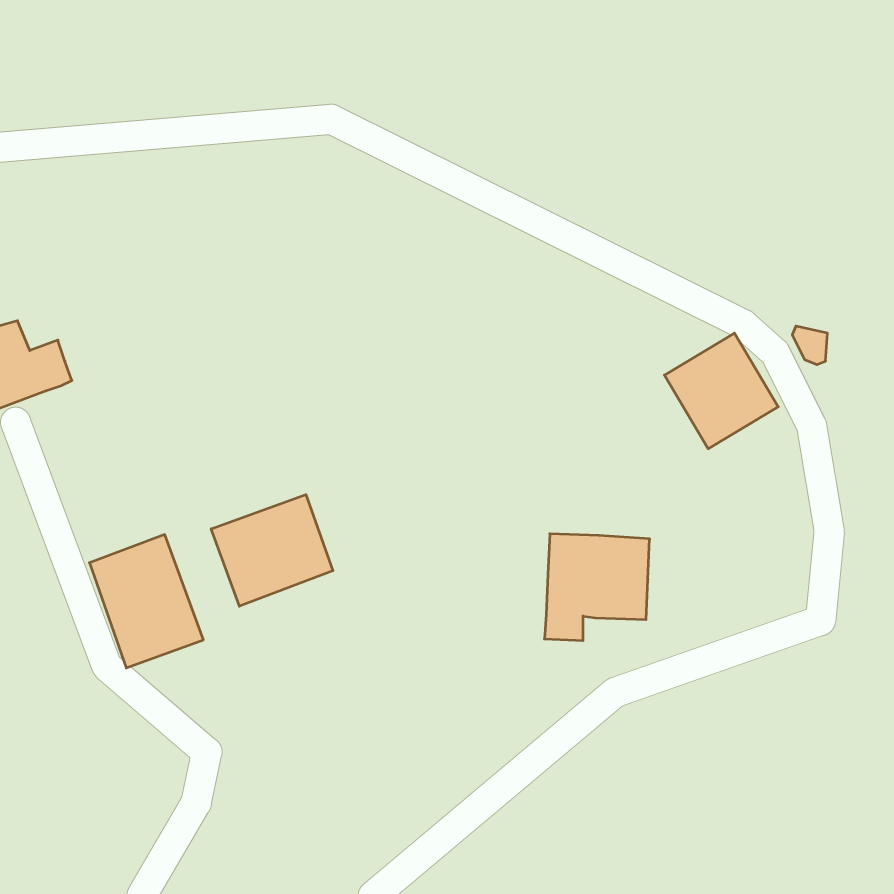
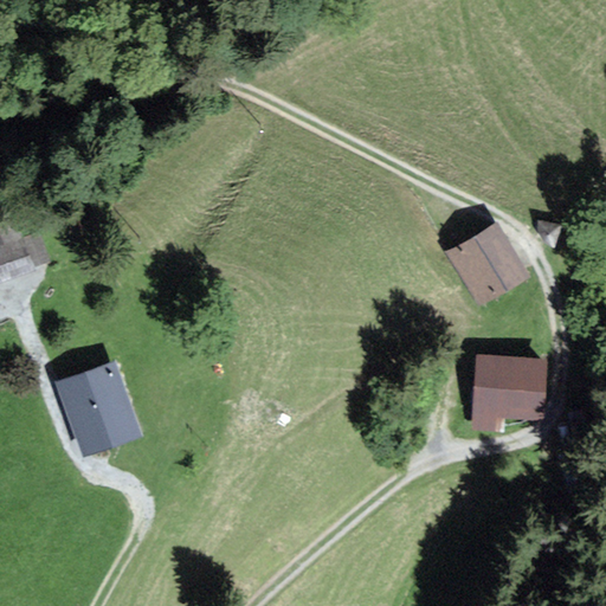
building: [211,495,333,606] -> none
building: [544,534,650,641] -> [472,356,543,428]

